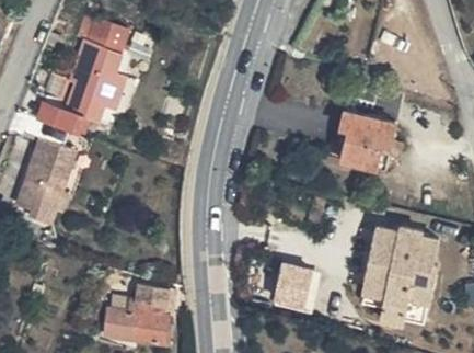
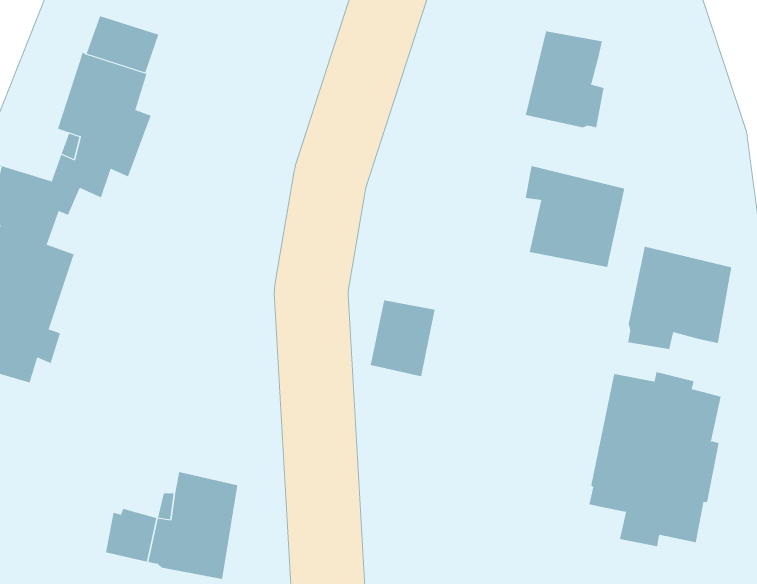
building: none -> [525,30,604,128]
building: none -> [627,246,732,350]
building: [280,254,317,298] -> [370,300,435,377]

